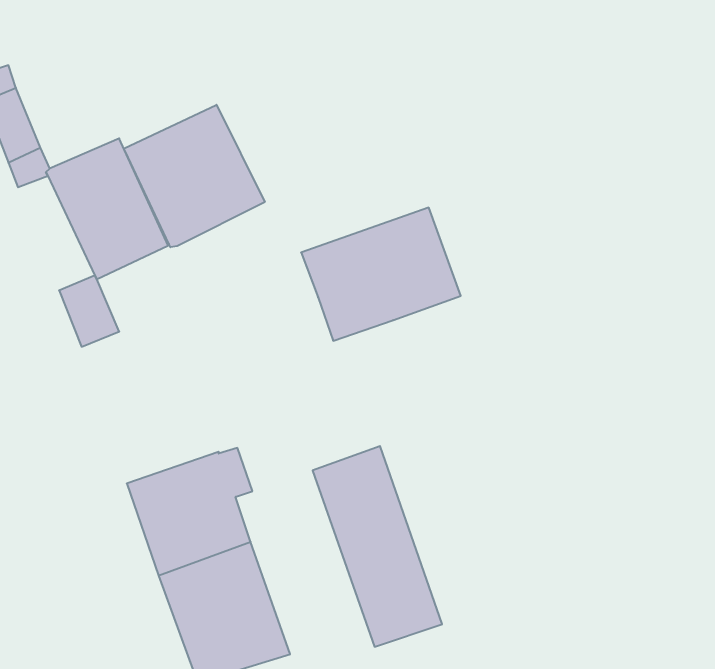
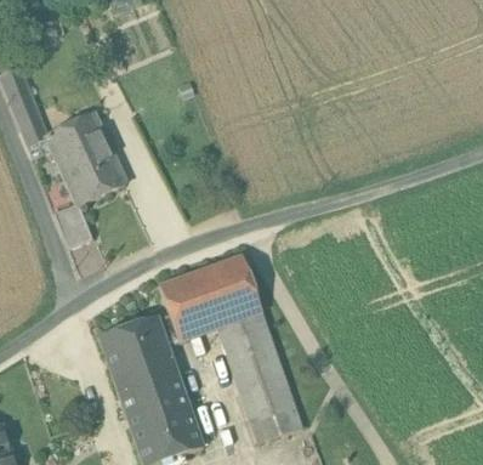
building: [124,105,265,247] -> none
building: [301,208,461,341] -> [159,255,262,341]

